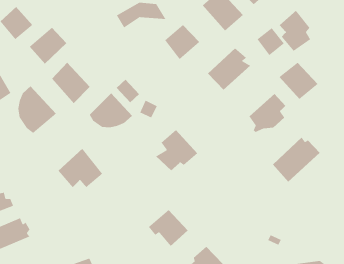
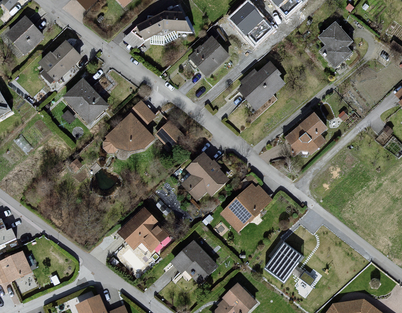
building: [256,27,285,56] -> none
building: [279,62,318,100] -> none
building: [18,85,57,134] -> none
building: [272,137,321,182] -> [217,182,271,233]
building: [57,148,103,188] -> [114,206,165,251]
building: none -> [266,240,305,281]

